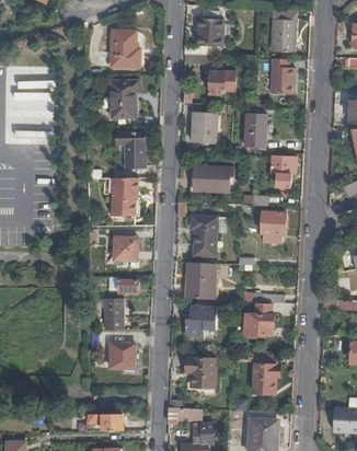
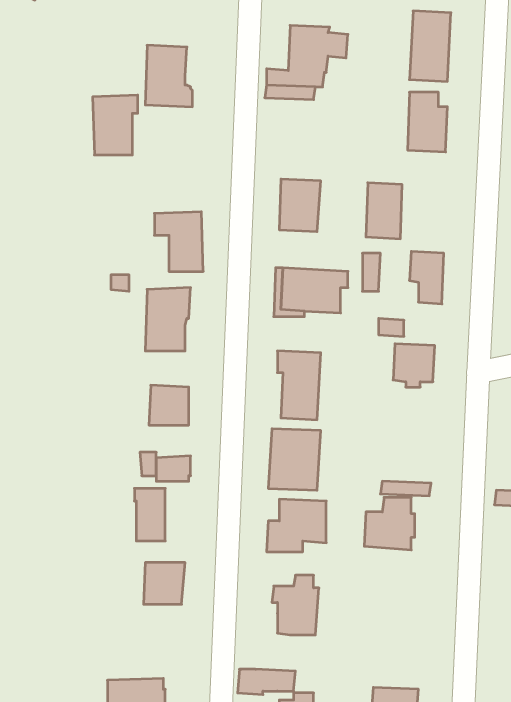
building: [207,71,234,94] -> none
building: [111,81,138,117] -> [93,95,138,155]
building: [247,354,275,394] -> none

